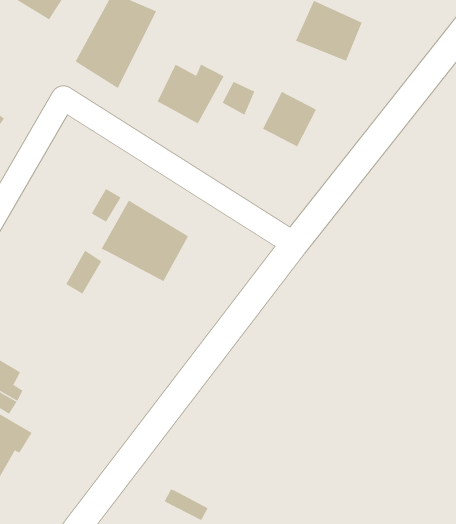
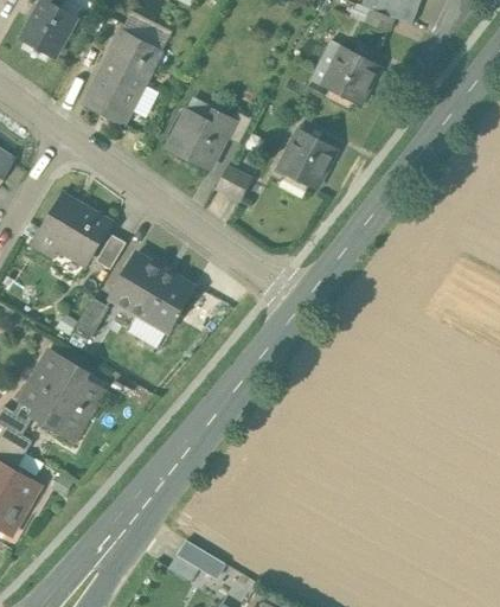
building: [222,81,255,116] -> [216,165,250,200]
building: none -> [27,190,116,264]
building: none -> [13,344,109,440]

